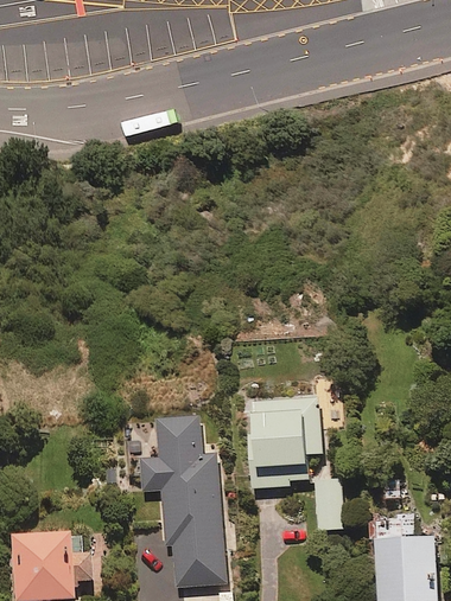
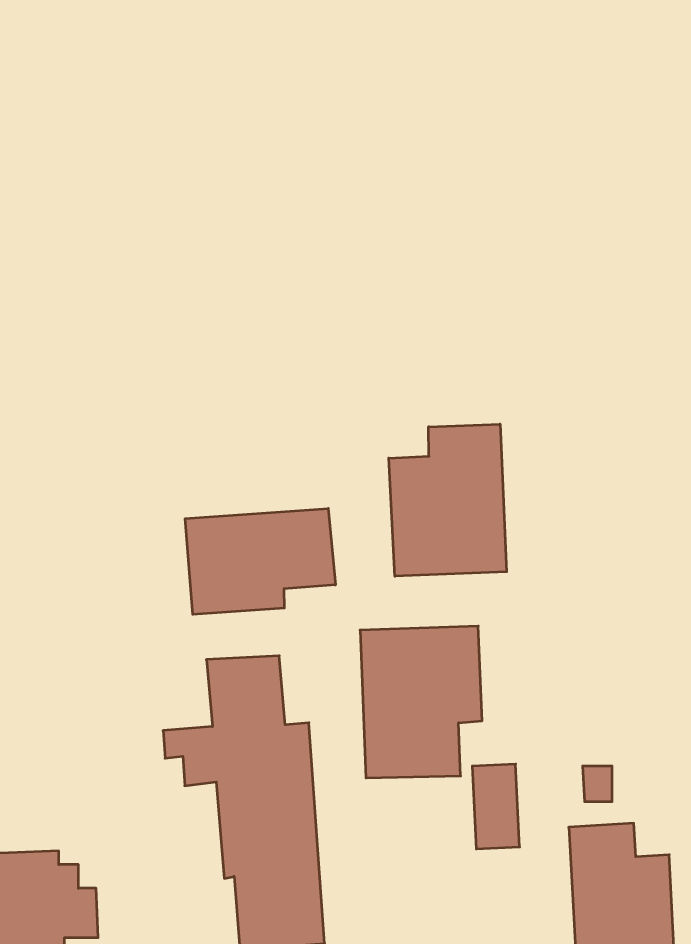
building: none -> [389,424,507,576]
building: none -> [185,508,335,614]

